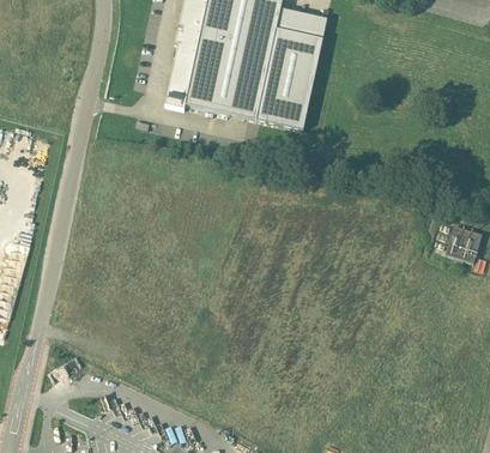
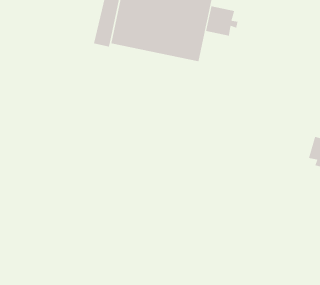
building: none -> [206,6,238,37]

